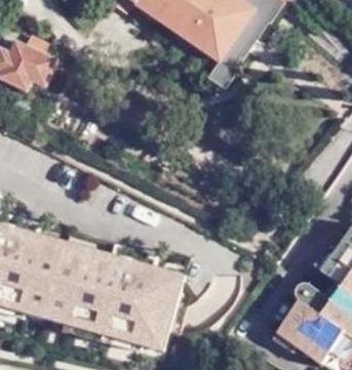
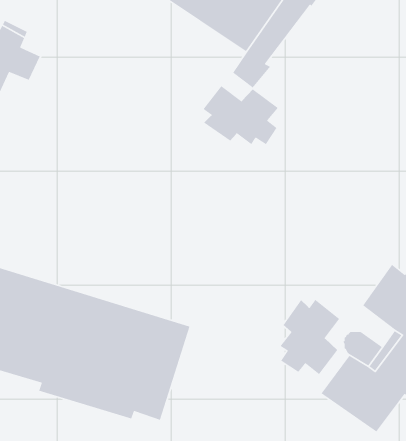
building: none -> [203,85,279,145]
building: none -> [279,299,340,375]

